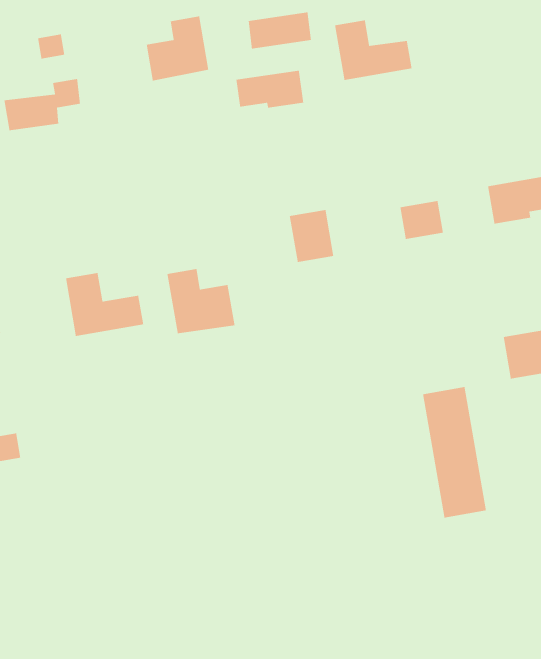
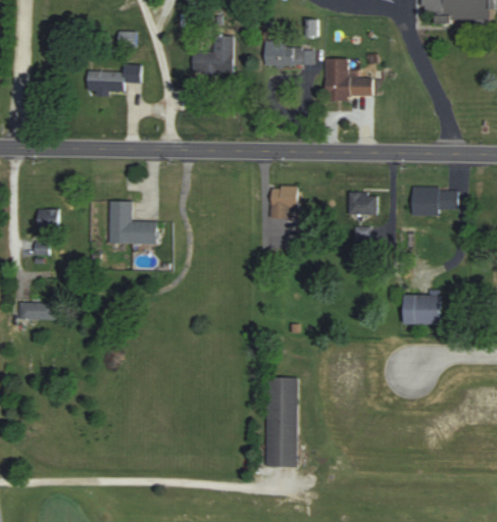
building: [235,70,304,109] -> none
building: [167,268,235,334] -> none
building: [422,386,487,518] -> [266,377,297,466]

